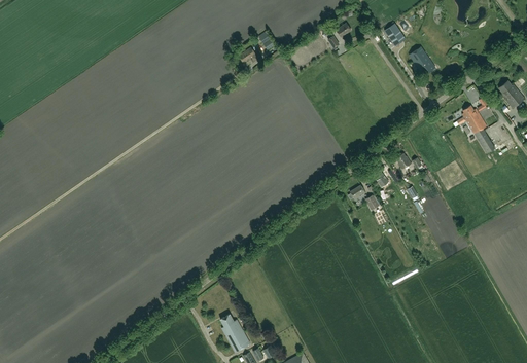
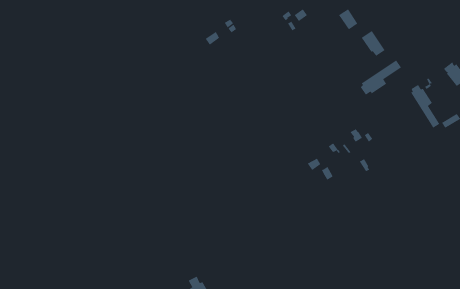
building: none -> [360,59,402,96]

